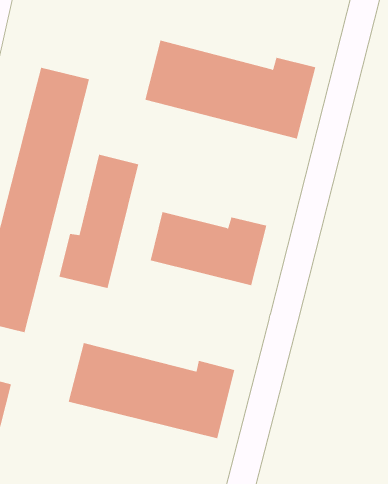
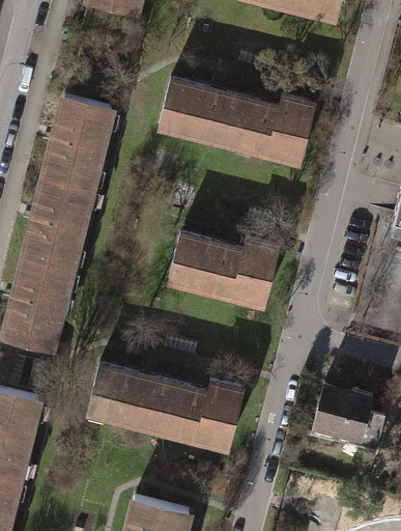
building: [59,154,139,289] -> none
building: none -> [315,384,385,445]

